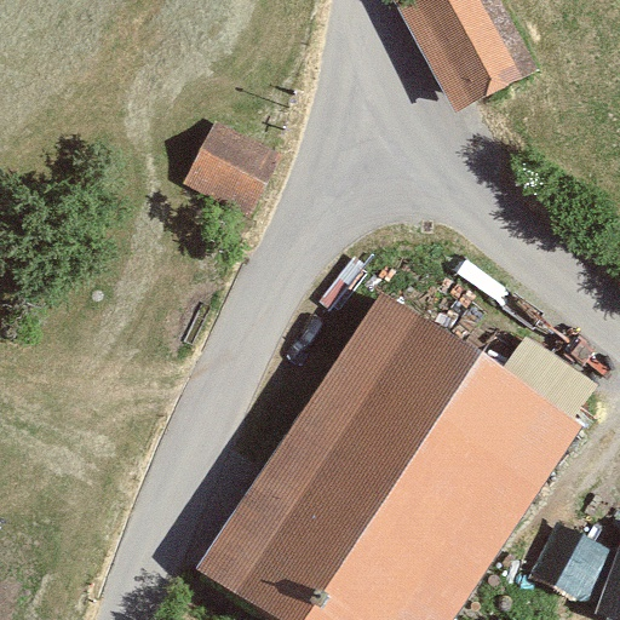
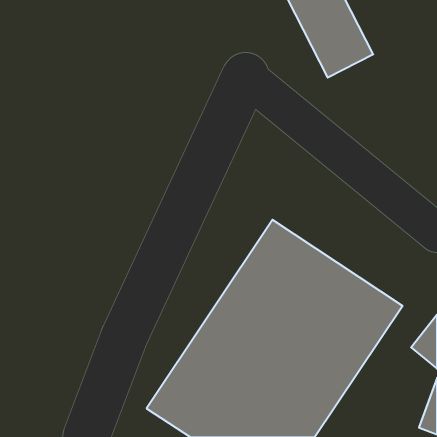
building: [176,119,271,212] -> none

